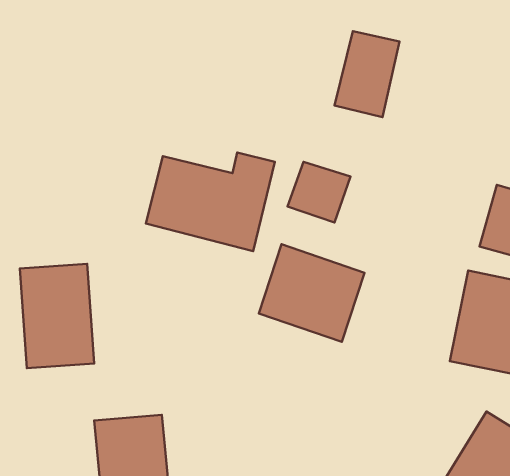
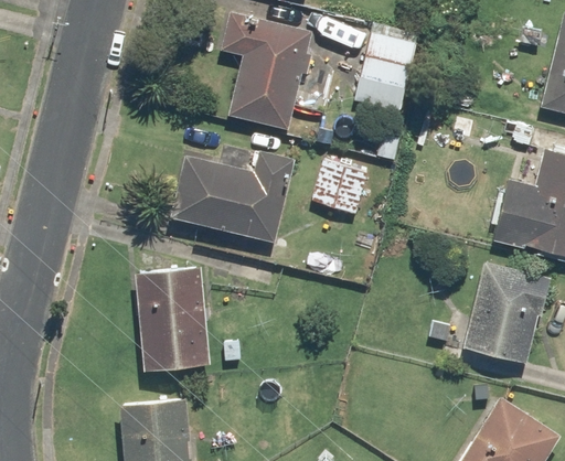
building: none -> [220,12,312,132]
building: [259,244,365,342] -> none
building: [20,264,94,368] -> [138,270,210,371]

